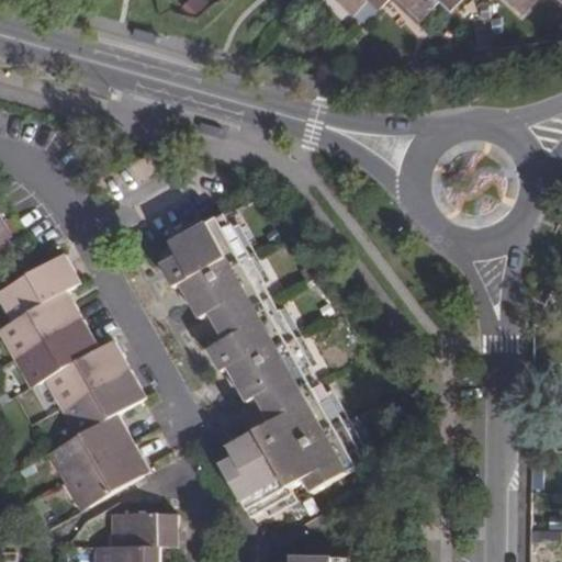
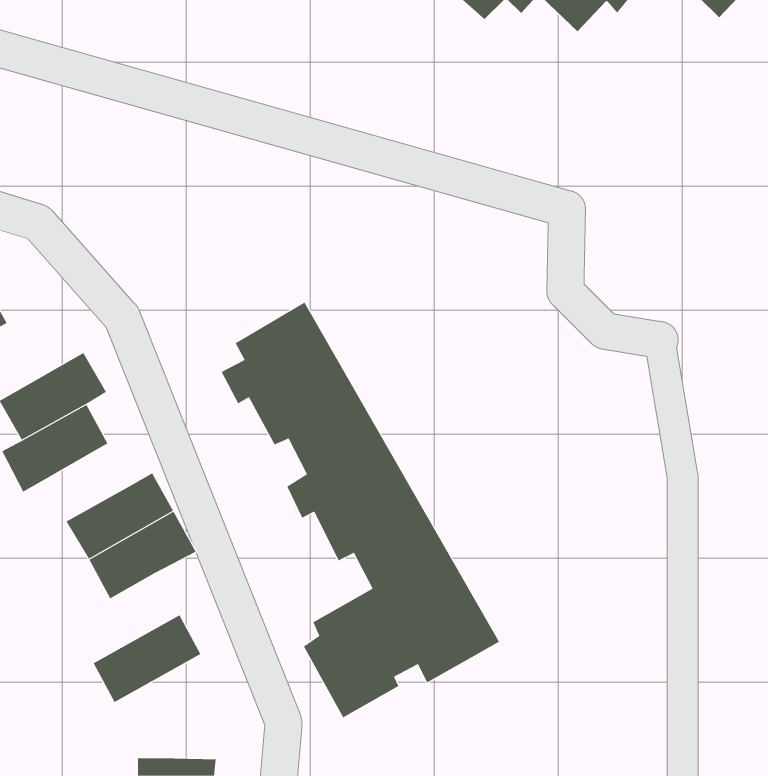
building: [16,319,94,382] -> none
building: [50,413,130,477] -> none
building: [115,514,172,547] -> none

